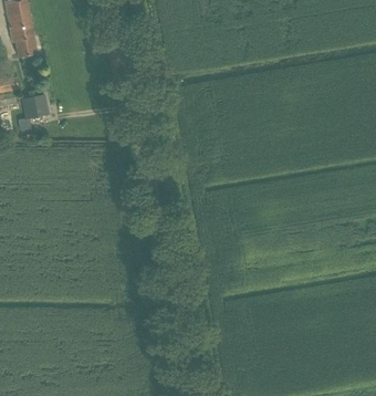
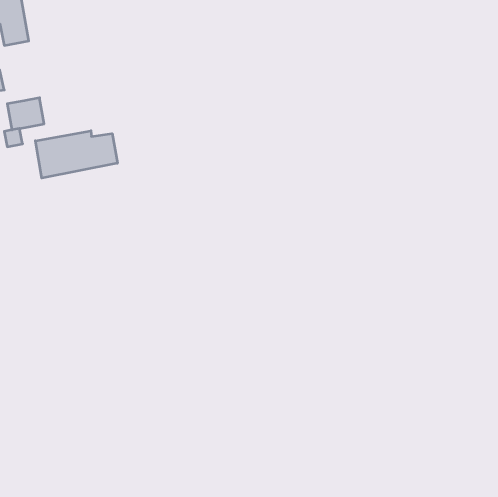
building: none -> [35,131,117,178]

